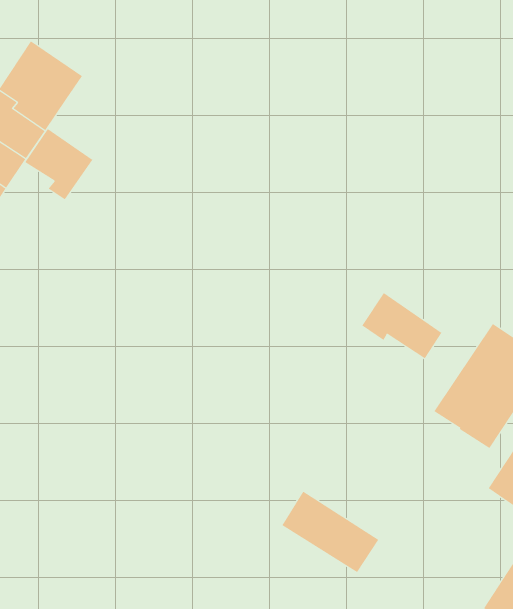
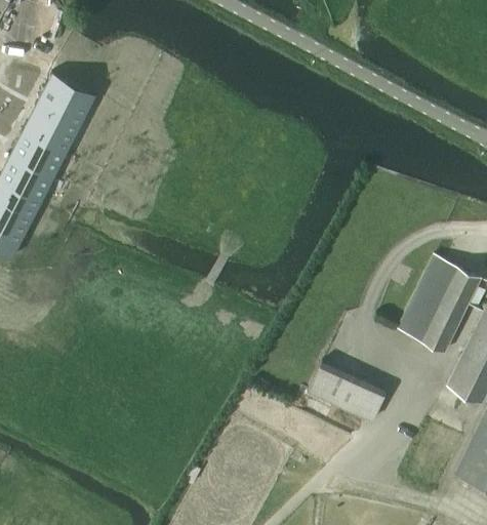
building: [25,128,93,200] -> none
building: [362,292,442,359] -> none
building: [281,491,379,573] -> [308,362,384,420]

